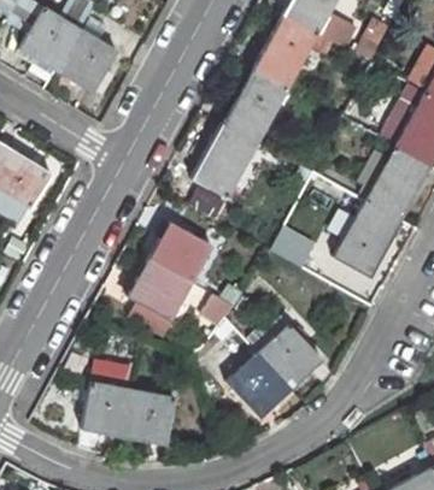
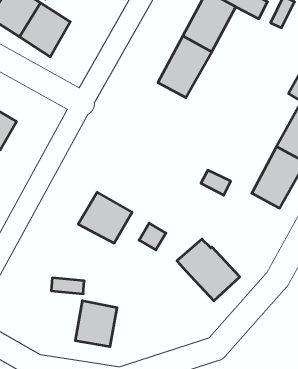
building: [193,125,257,197] -> none
building: [149,222,211,282] -> none
building: [225,353,291,419] -> none
building: [82,380,131,437] -> none

